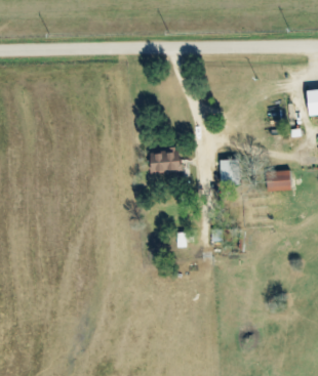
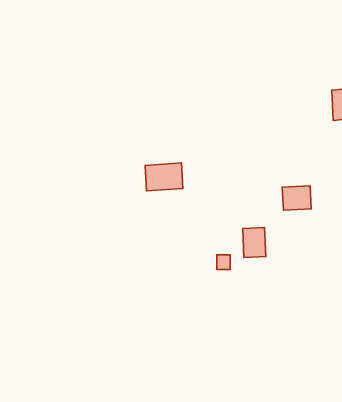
building: [221,159,240,184] -> [243,227,266,258]

